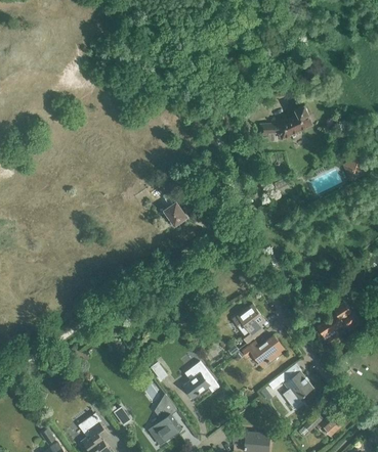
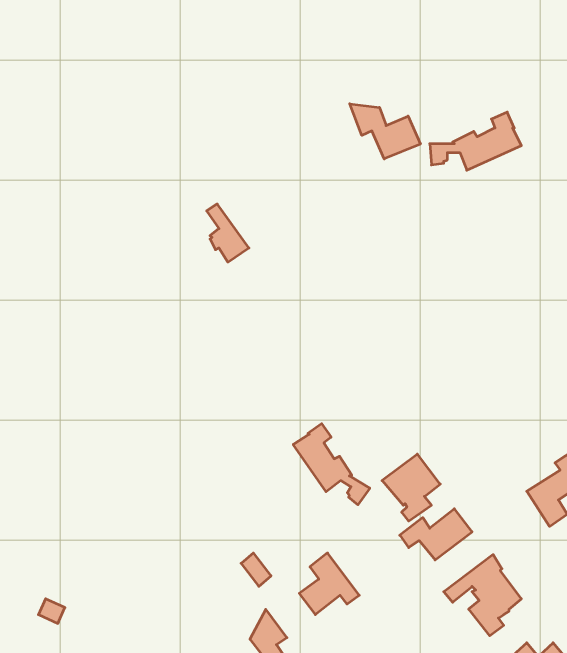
building: none -> [350,104,420,159]
building: [162,191,186,225] -> [207,204,249,262]
building: none -> [293,424,370,505]

